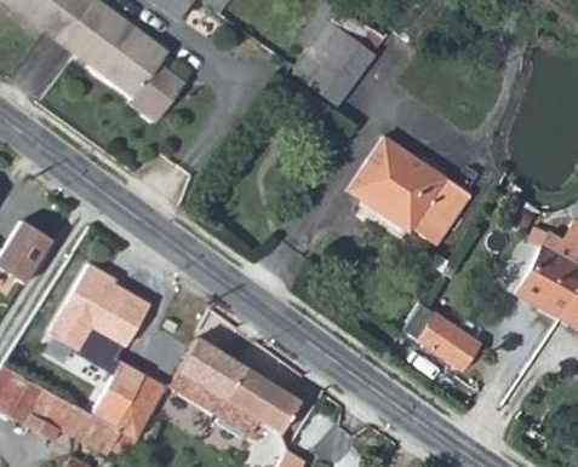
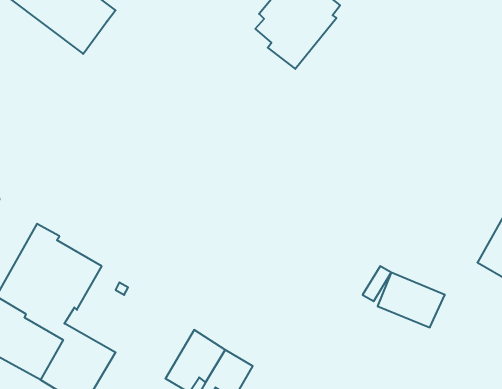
building: [130,65,179,121] -> none
building: [349,143,468,248] -> none
building: [170,338,241,411] -> none

